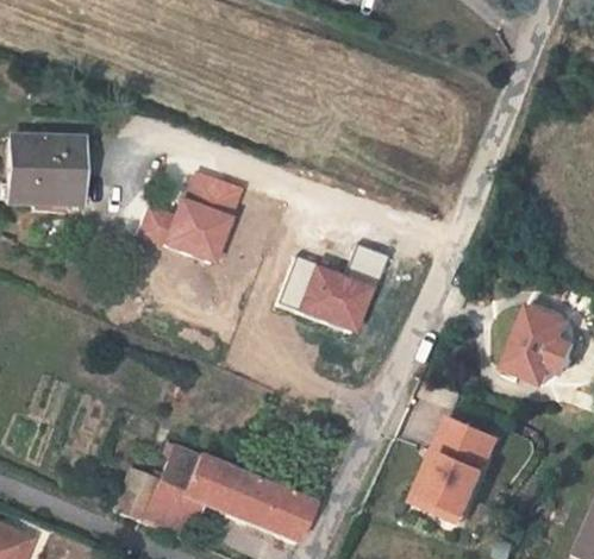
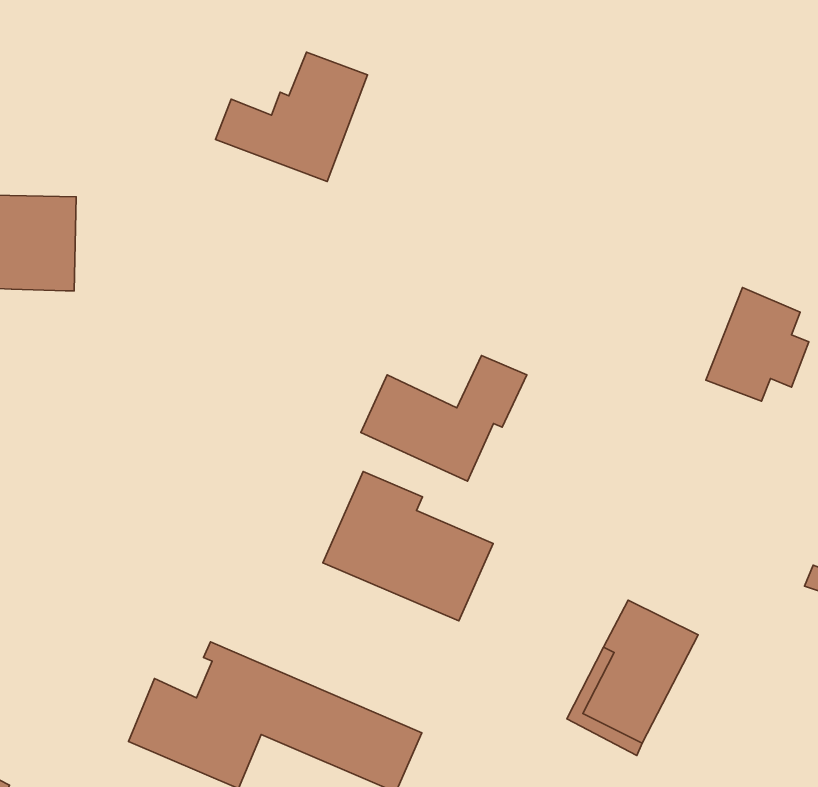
building: [137,171,240,259] -> [215,52,368,181]
building: [506,302,576,379] -> [706,288,809,401]
building: none -> [323,472,493,621]

